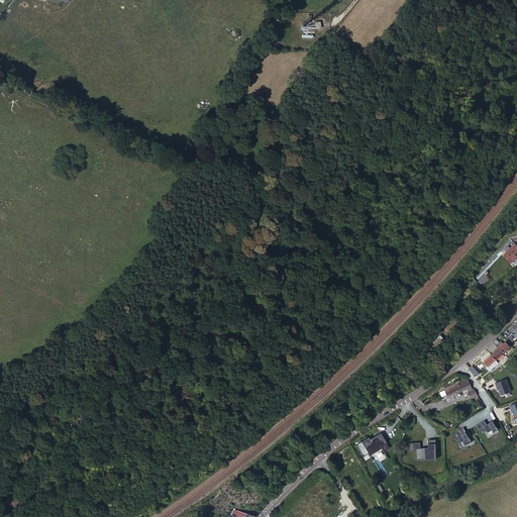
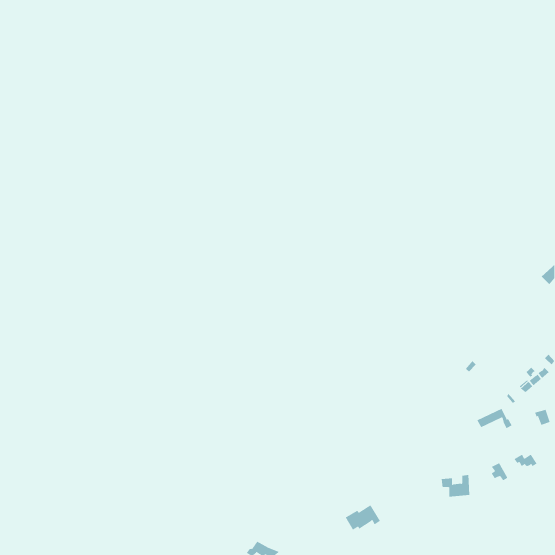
building: [355,433,389,457] -> [345,504,381,531]

